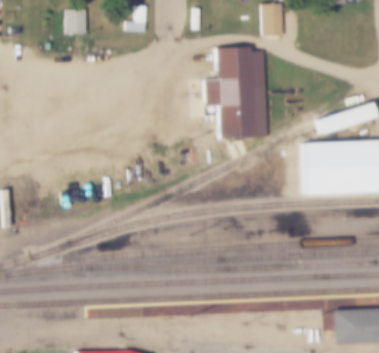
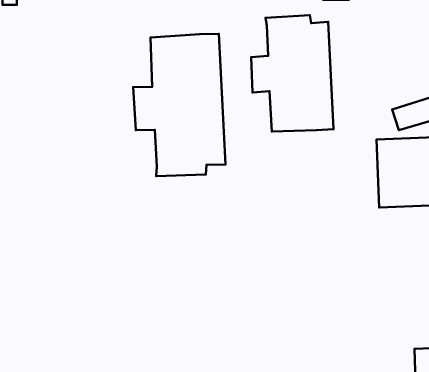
building: none -> [133,34,225,176]

